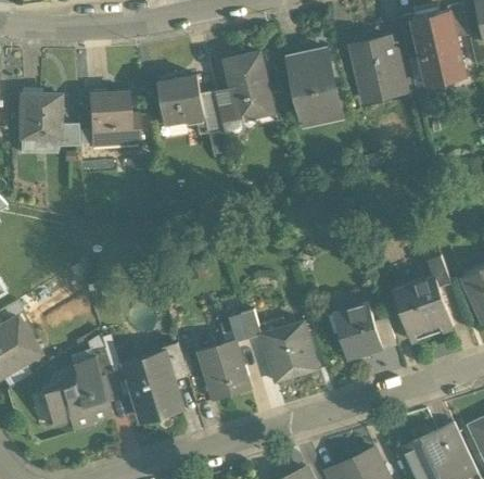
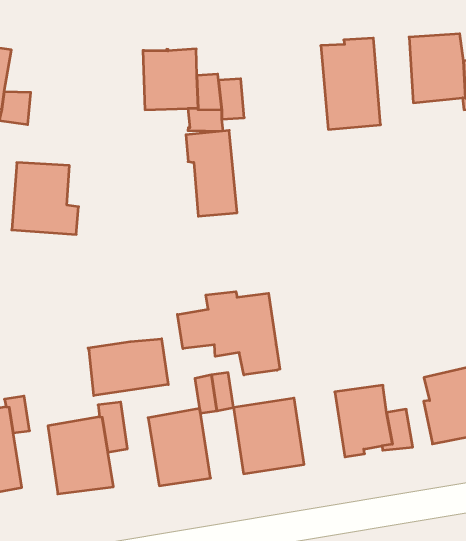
building: [226,53,271,119] -> [186,130,237,216]
building: [89,92,140,146] -> [12,163,79,234]
building: none -> [177,292,280,375]
building: none -> [88,339,168,396]

